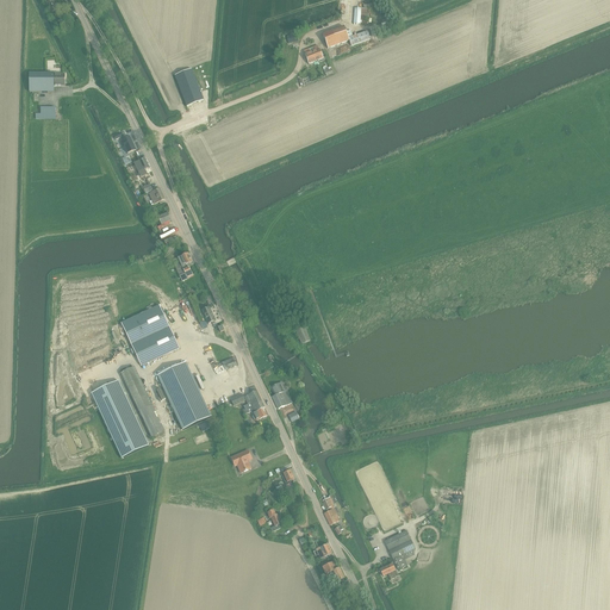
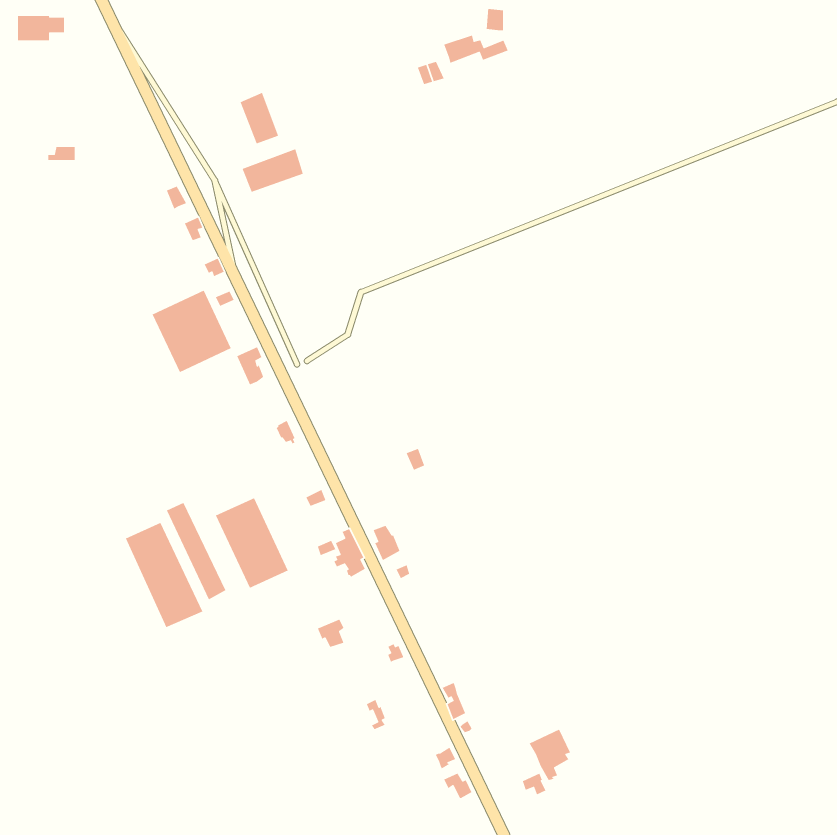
building: [29,71,63,91] -> [17,15,65,41]
building: none -> [242,148,304,193]
building: [120,304,179,365] -> [152,289,232,373]

